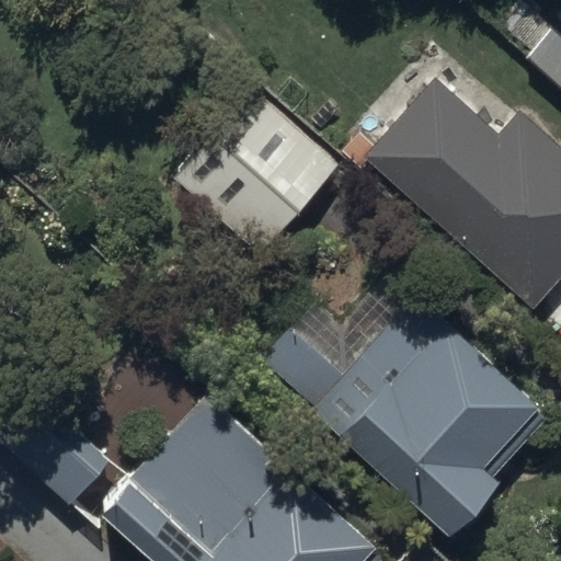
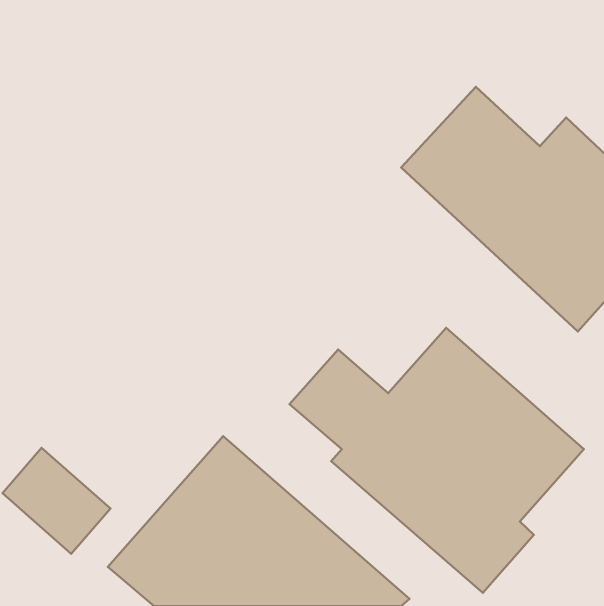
building: [159,81,335,256] -> none

